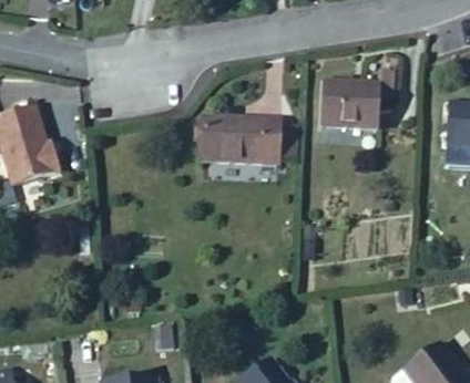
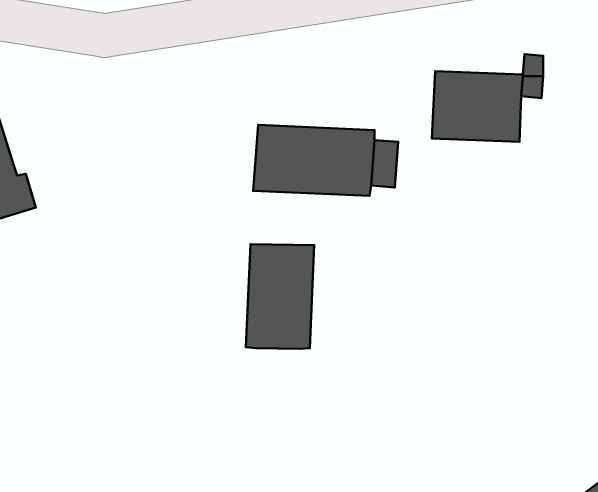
building: none -> [246,244,314,349]

